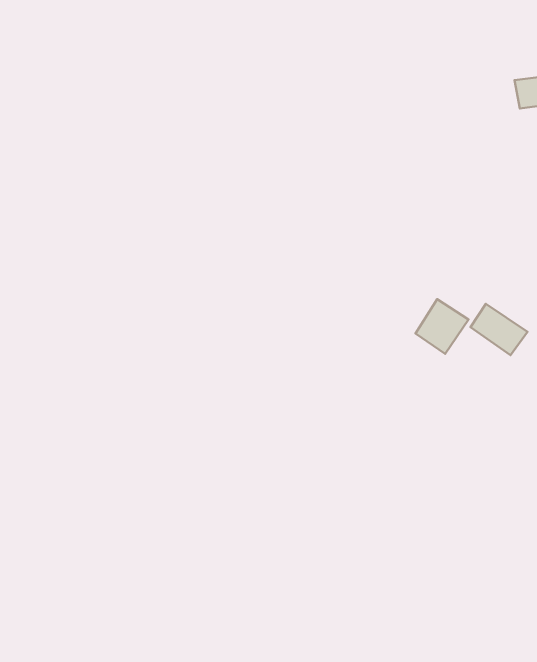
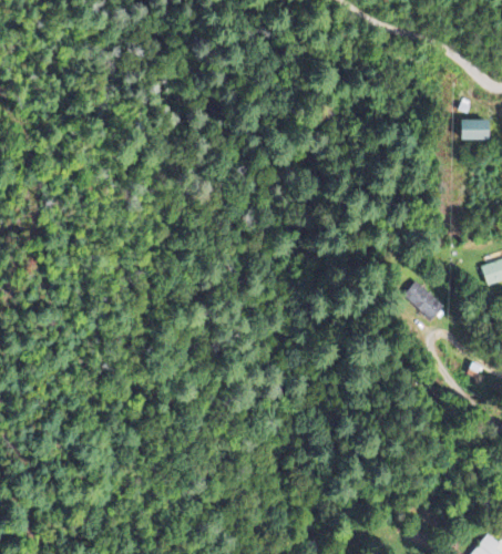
building: [415,299,468,354] -> none

